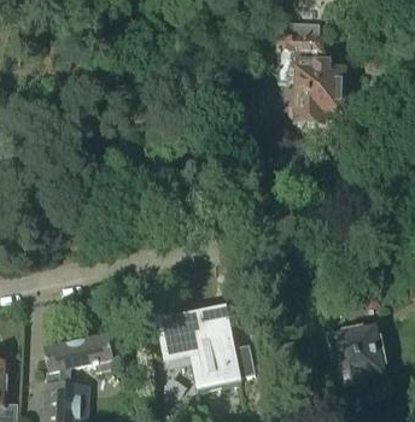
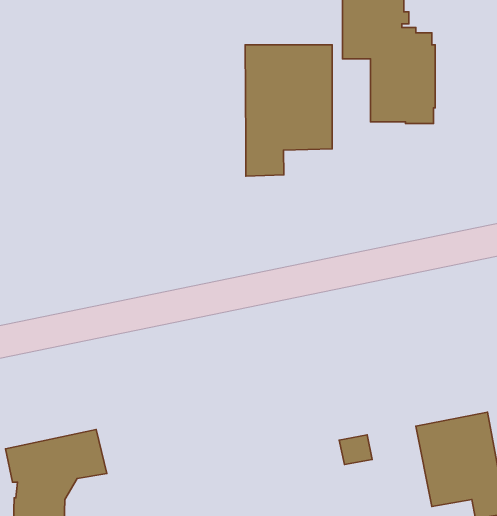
building: none -> [245,45,332,176]
building: [160,312,255,389] -> none

